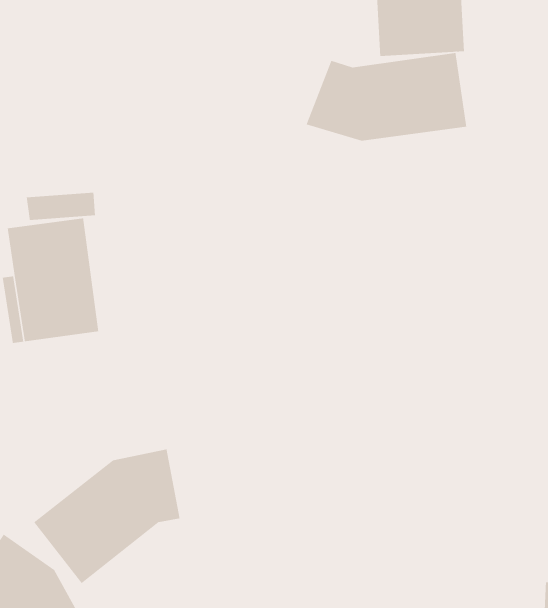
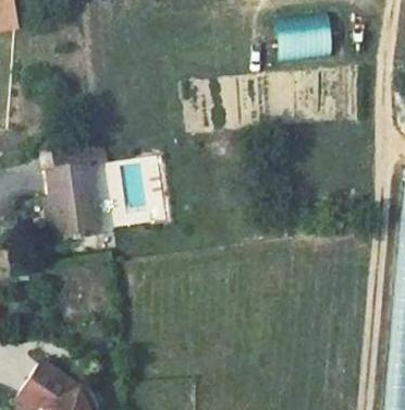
building: [305,52,467,141] -> none
building: [33,448,180,584] -> none

